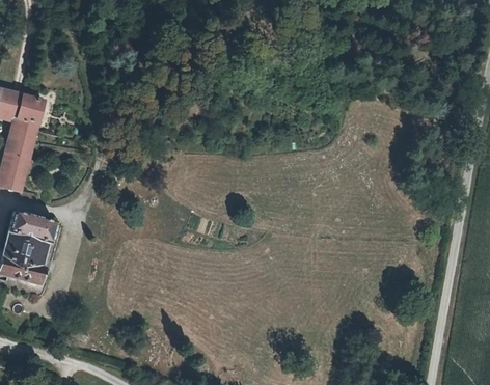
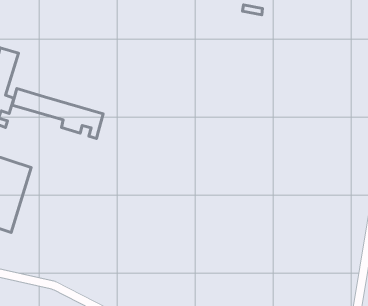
building: none -> [12,89,103,138]

